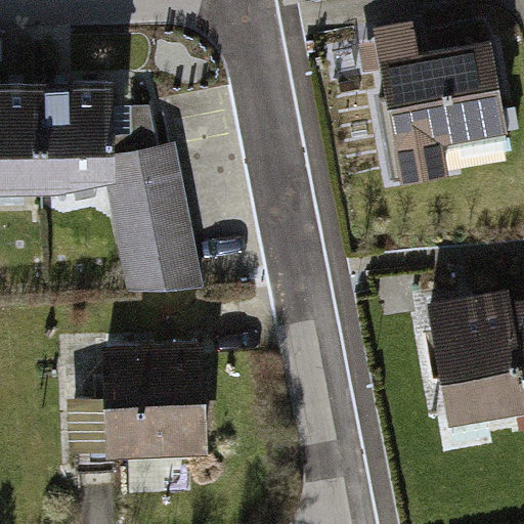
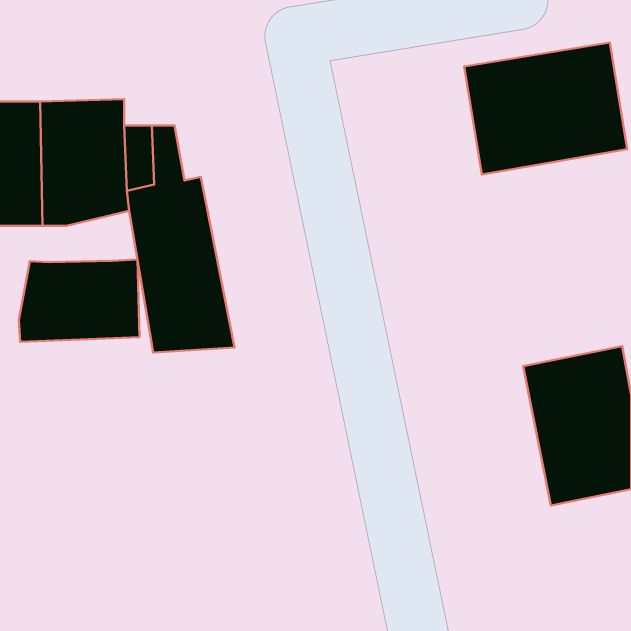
building: none -> [19,259,140,342]
building: [70,344,211,462] -> none

